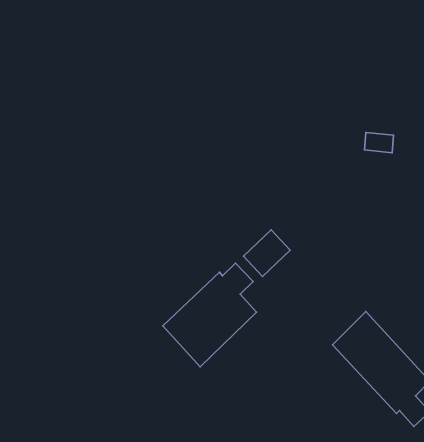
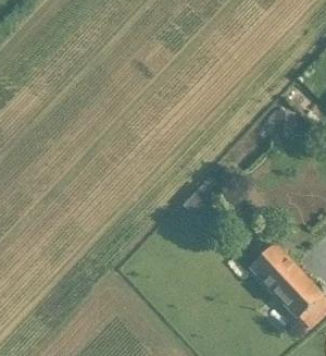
building: [163,263,256,367] -> none

